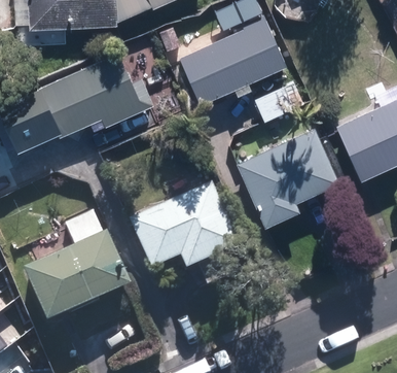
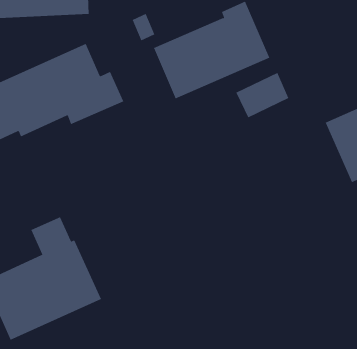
building: [238,128,340,230] -> none
building: [132,185,243,273] -> none

